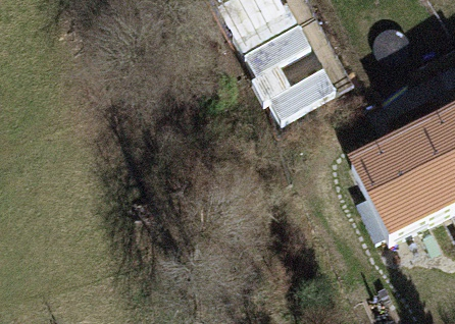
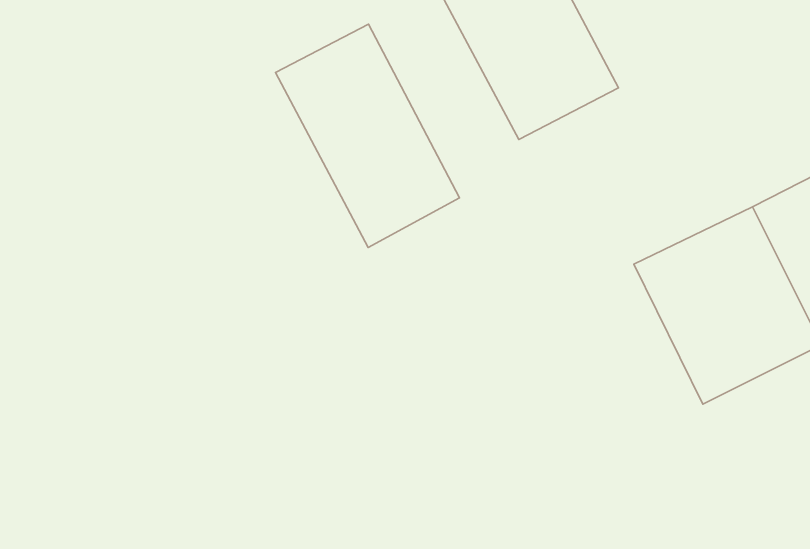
building: none -> [276,24,459,247]

